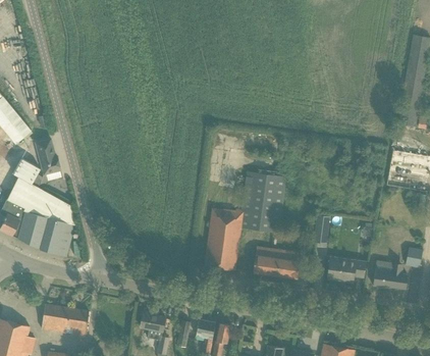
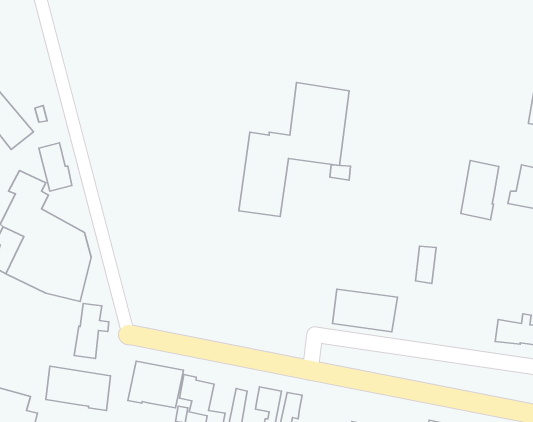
building: none -> [461,160,499,220]
building: [204,171,285,270] -> [239,83,349,216]
building: none -> [74,304,109,359]
building: [327,260,365,283] -> none
building: none -> [128,361,184,408]

